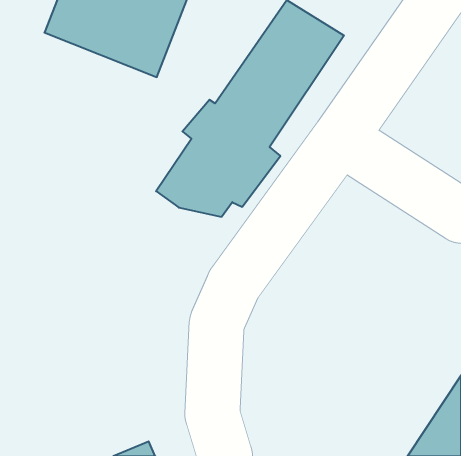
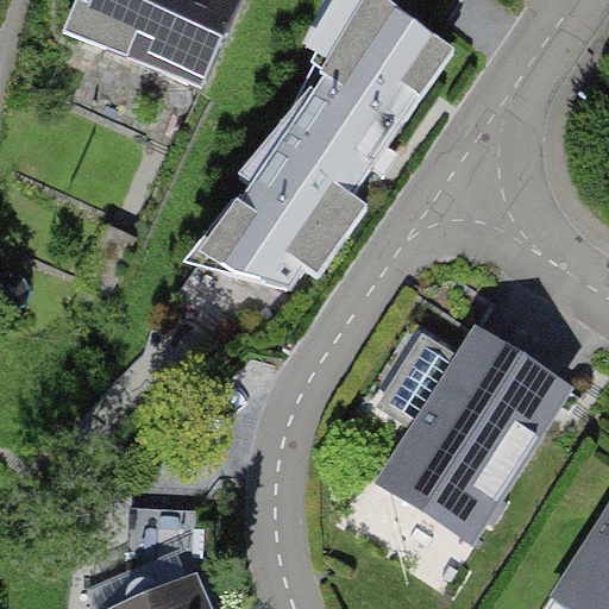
building: none -> [371,313,578,542]

